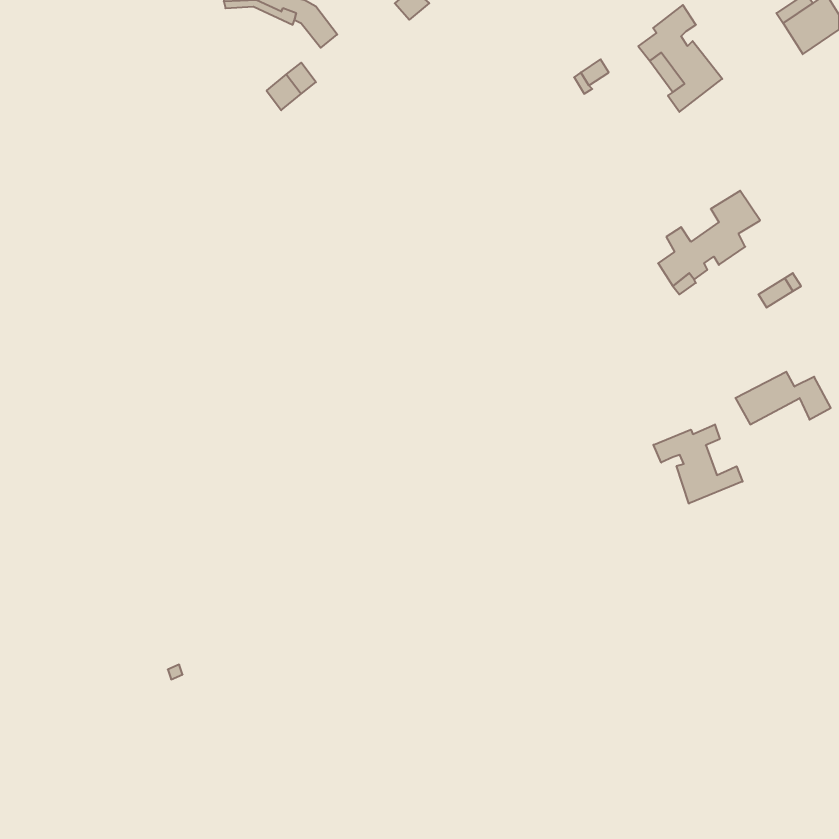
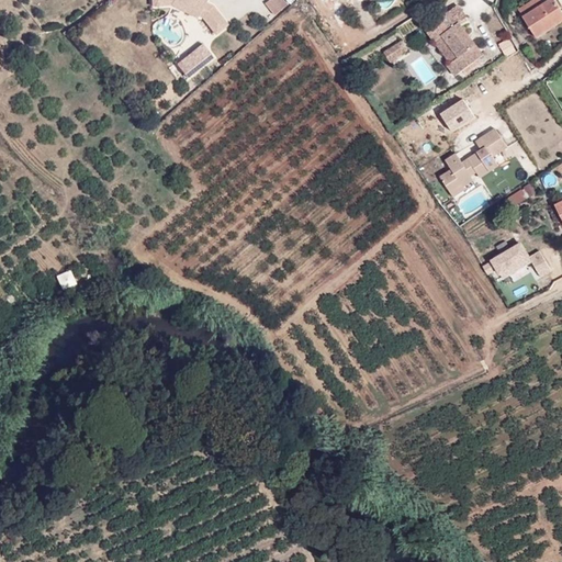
building: none -> [439,99,474,131]
building: [653,424,743,504] -> none

